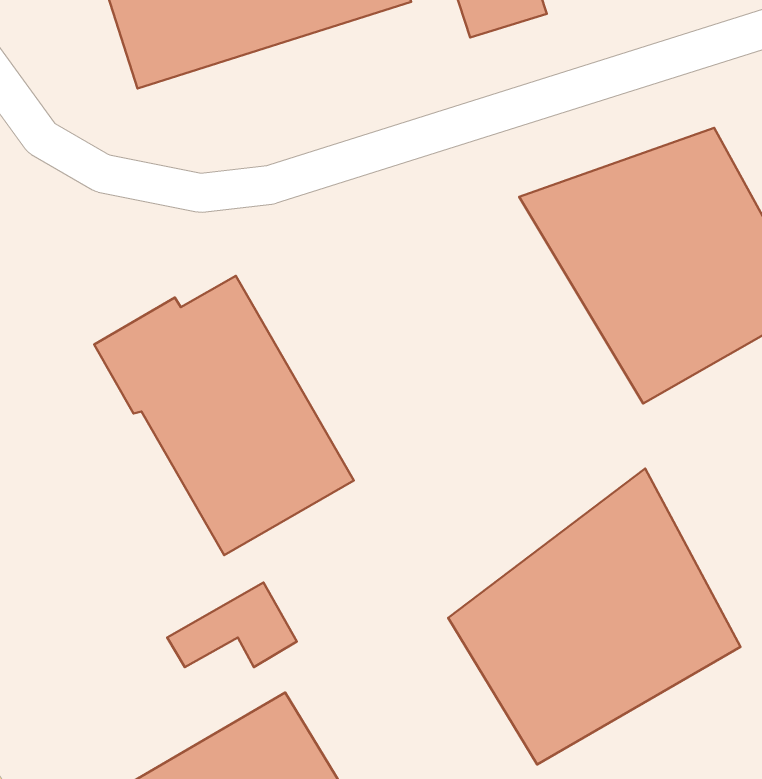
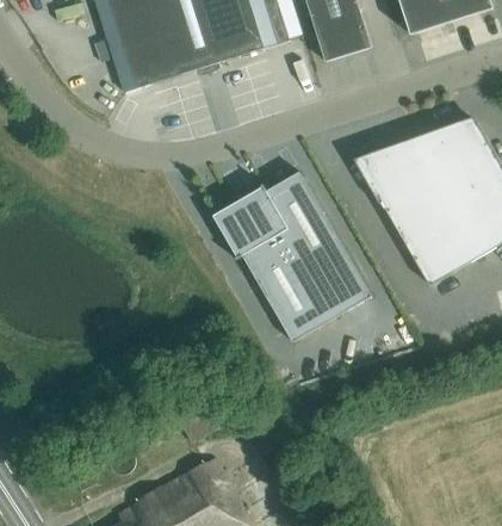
building: [94,276,354,555] -> [212,172,370,341]
building: [448,469,741,764] -> none

